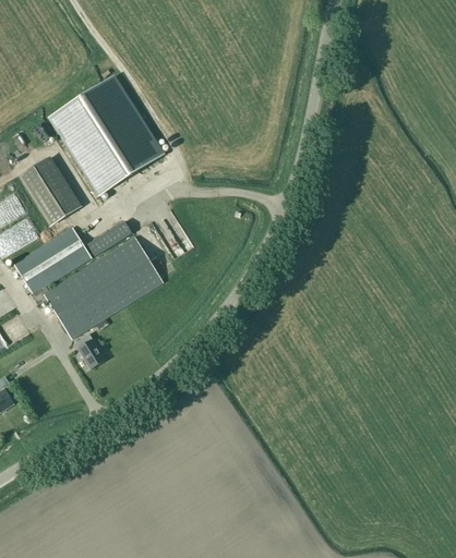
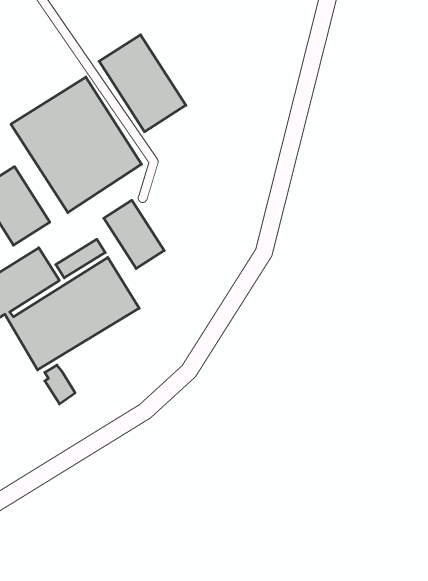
building: none -> [99,35,186,132]
building: none -> [104,200,164,269]

